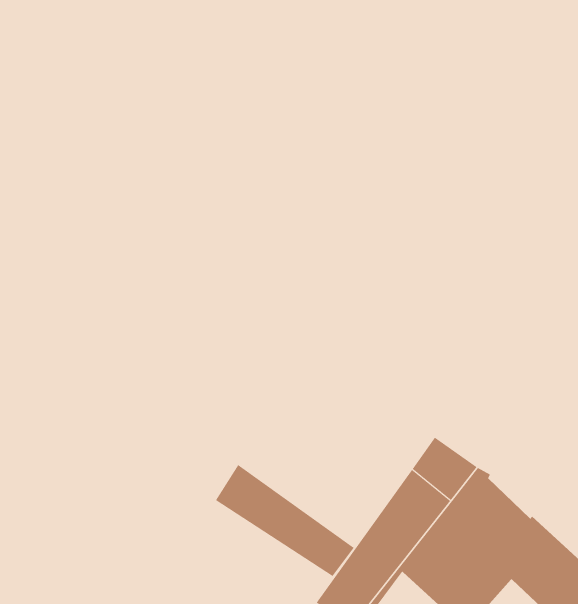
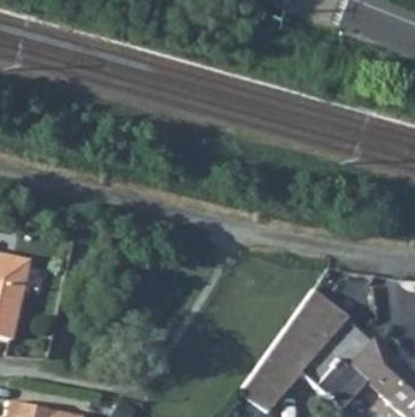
building: [215,464,355,577] -> none

